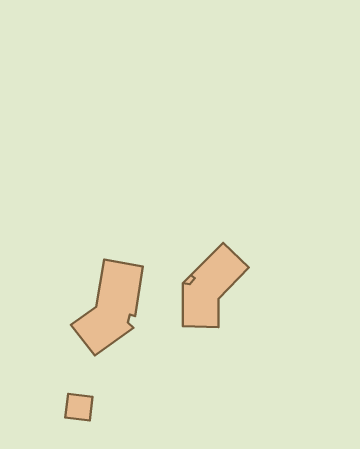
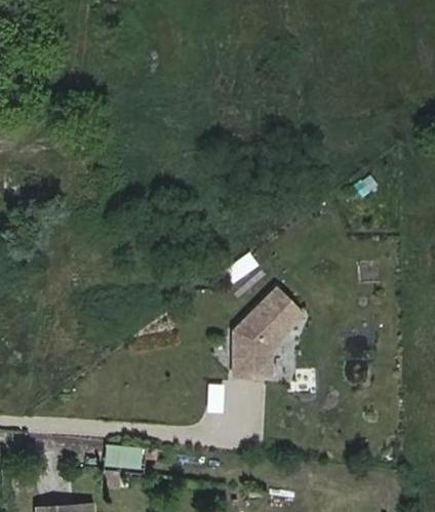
building: [71,260,143,356] -> none

